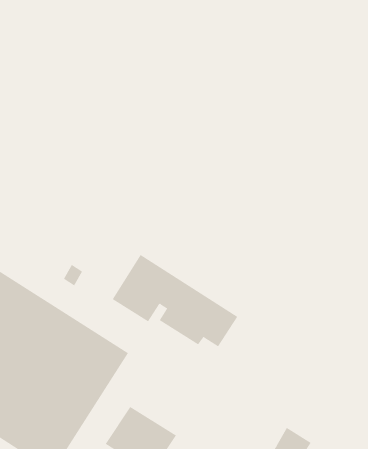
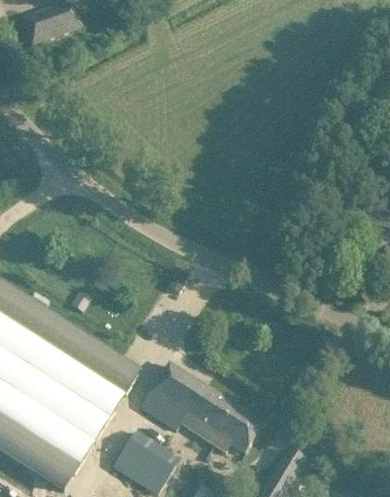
building: [112,254,238,347] -> [139,365,262,455]

